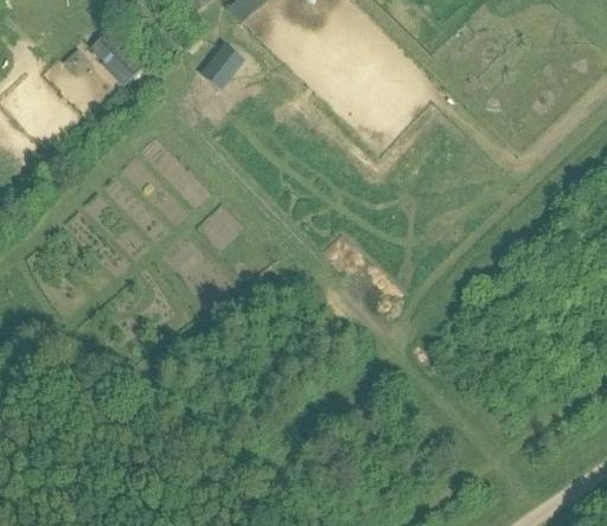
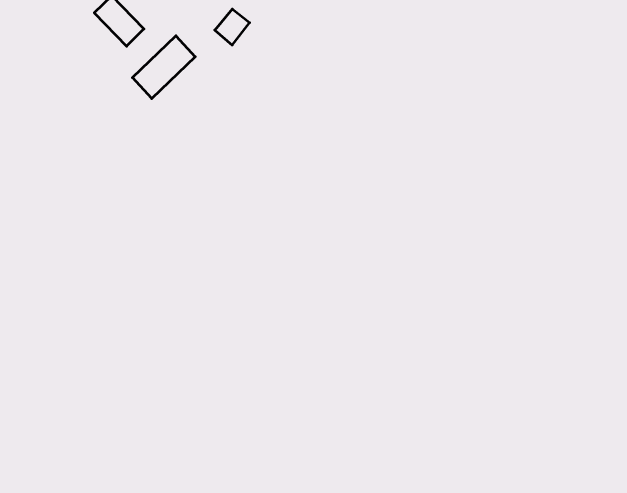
building: none -> [132,36,195,99]

